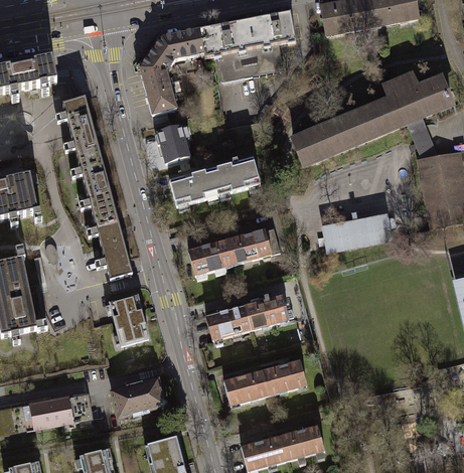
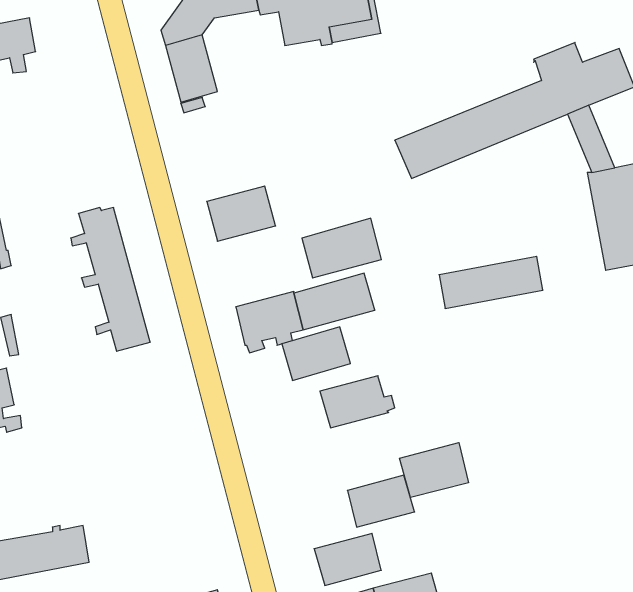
building: [53,97,108,187] -> none
building: [156,125,189,163] -> none
building: [207,156,260,195] -> [302,218,381,278]
building: [109,295,148,344] -> none
building: [205,304,251,339] -> [282,327,350,380]
building: none -> [400,443,468,498]
building: [223,369,268,404] -> [314,533,381,585]
building: [111,377,167,416] -> none

